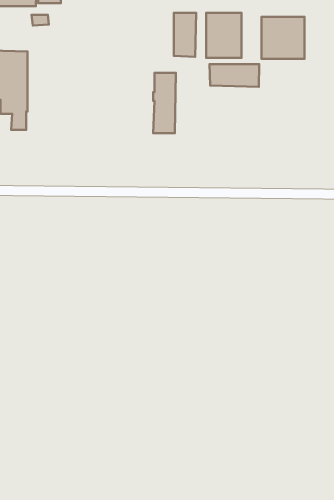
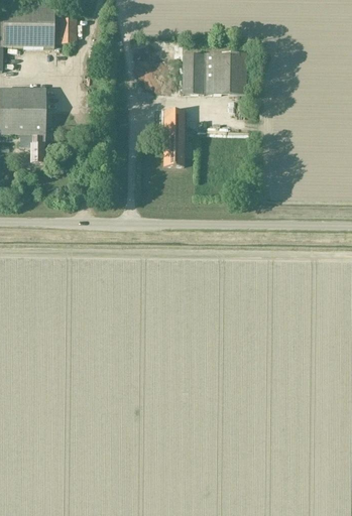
building: [262,17,304,59] -> none
building: [210,64,259,87] -> none

